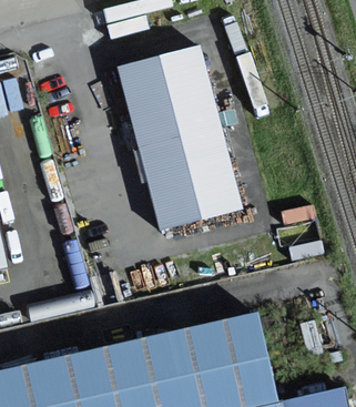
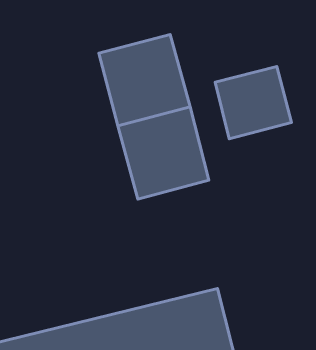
building: none -> [215,66,291,139]

